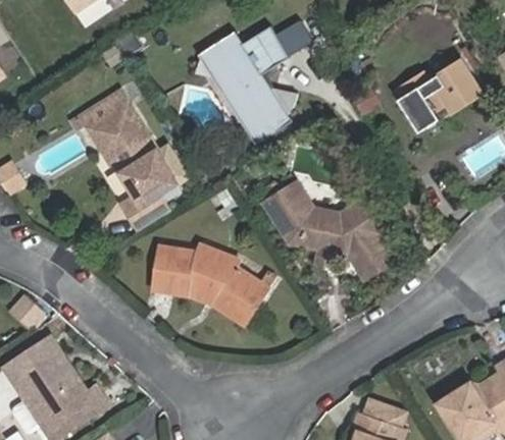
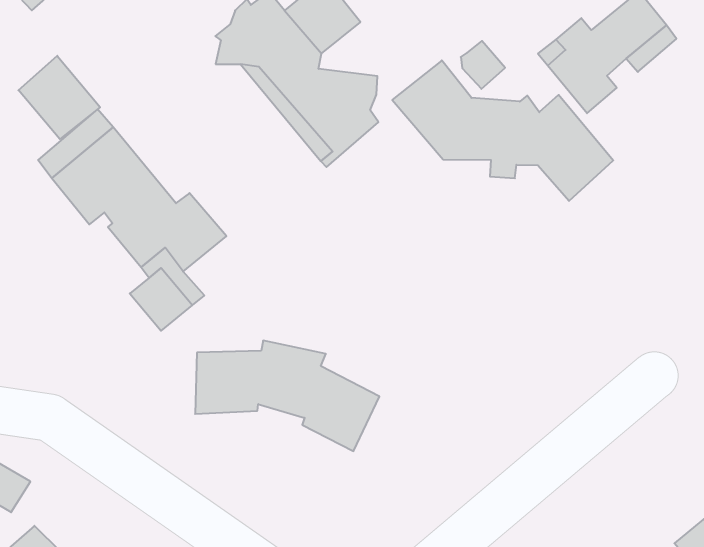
building: none -> [18,56,100,139]
building: [264,183,396,280] -> [392,60,613,201]

